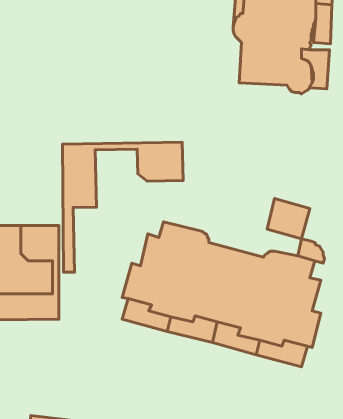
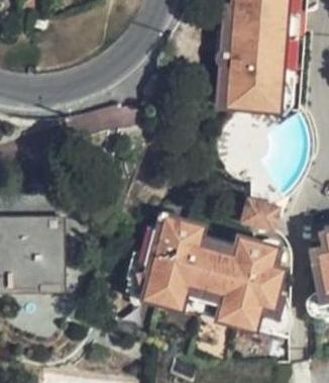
building: [62,142,183,272] -> none

